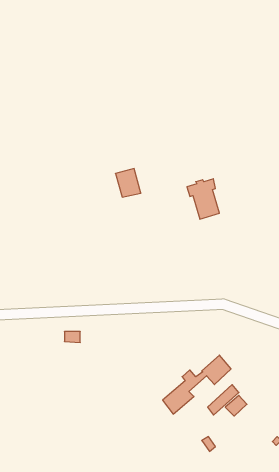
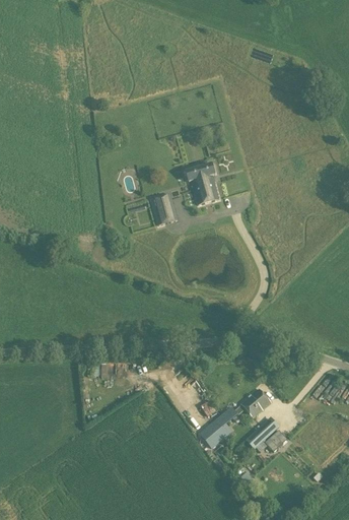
building: [187,179,219,219] -> [185,164,218,205]

